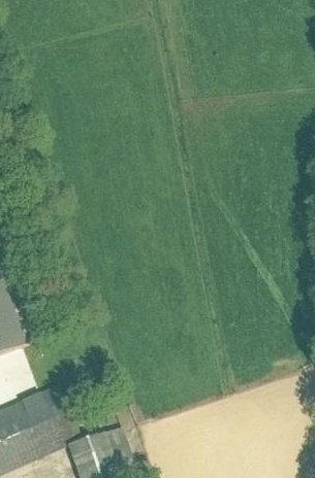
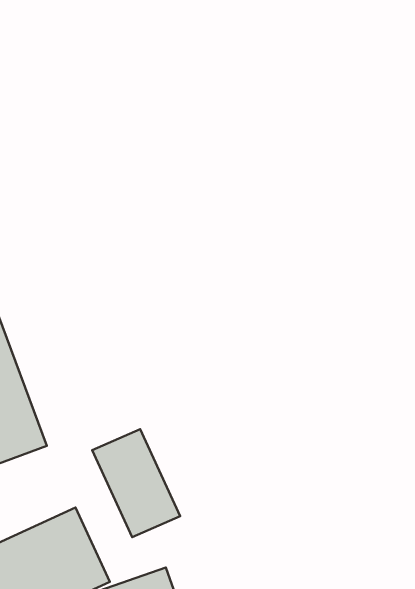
building: none -> [92,429,180,537]

